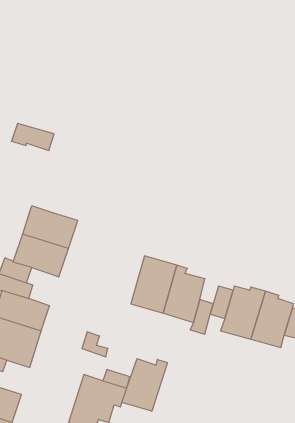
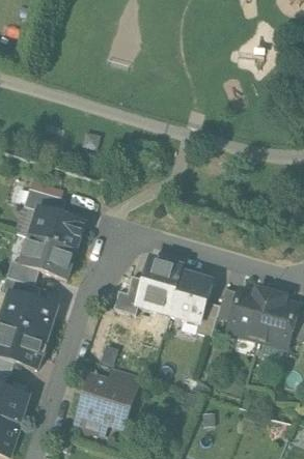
building: [11,123,54,151] -> [24,189,66,216]
building: none -> [114,276,145,314]
building: [122,359,168,411] -> none

